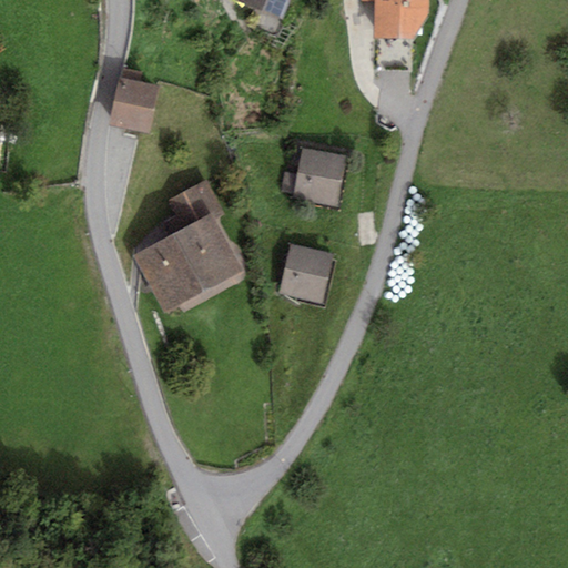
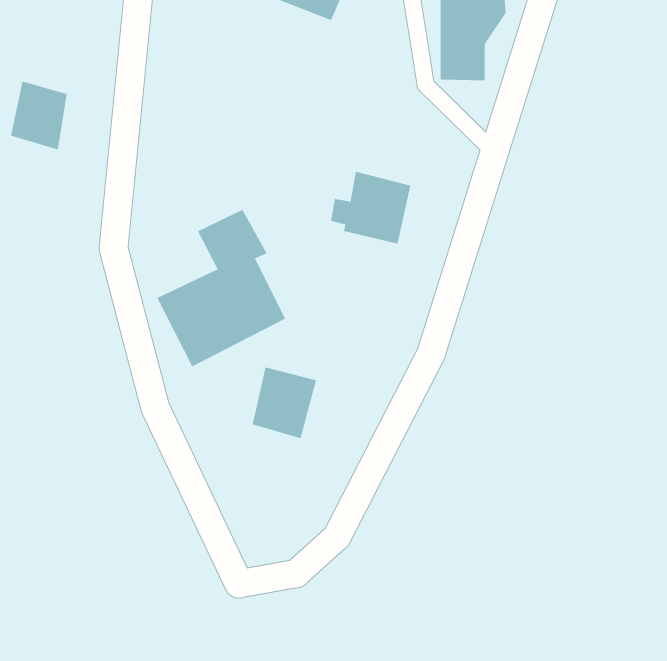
building: [110,75,159,134] -> [10,81,68,150]
building: [278,241,334,302] -> [252,367,317,439]

